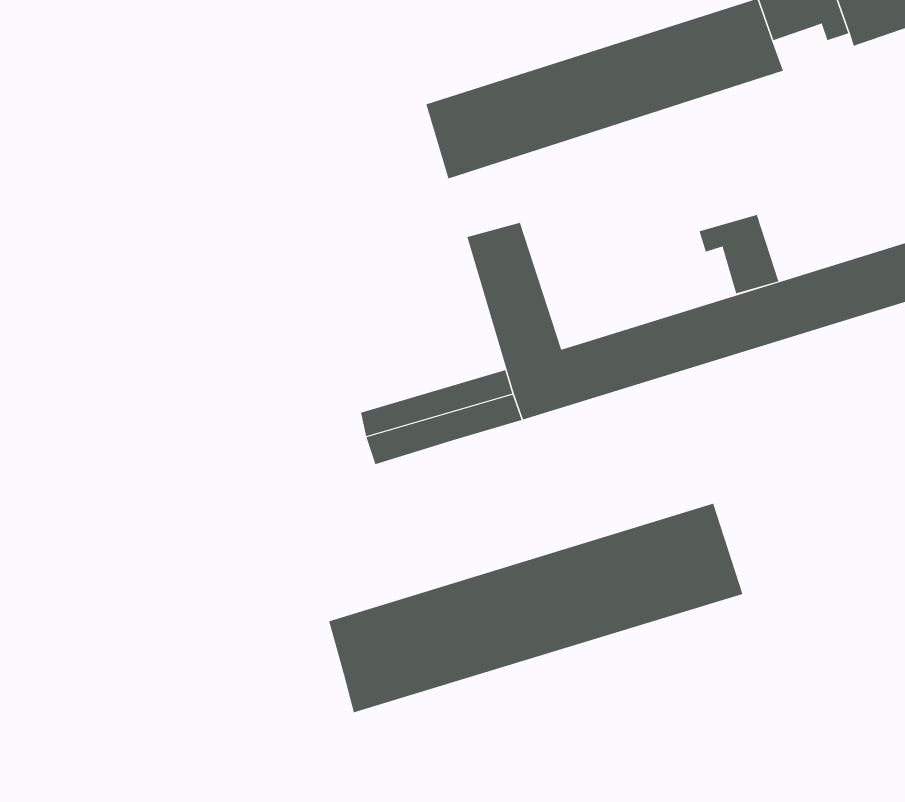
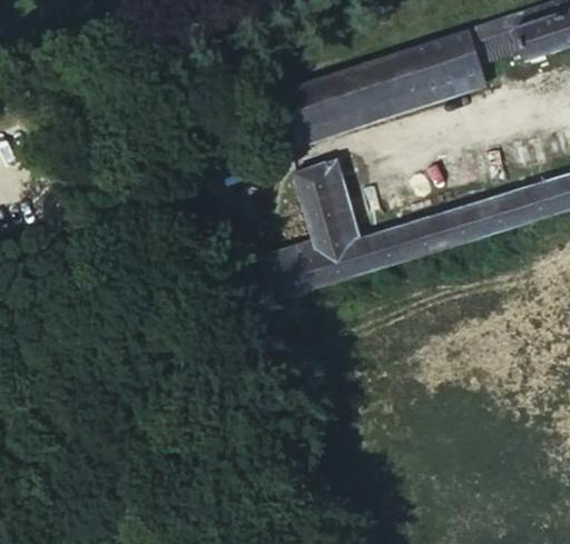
building: [699,214,779,294] -> none
building: [328,503,743,713] -> none

